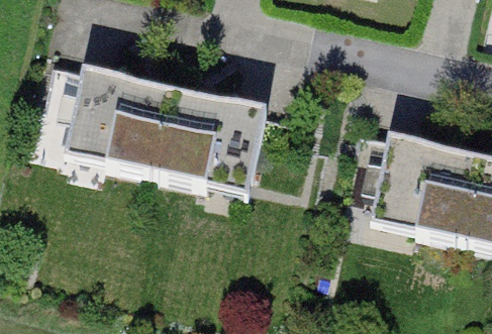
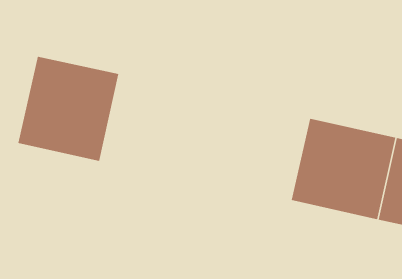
building: [156,86,268,202] -> none

